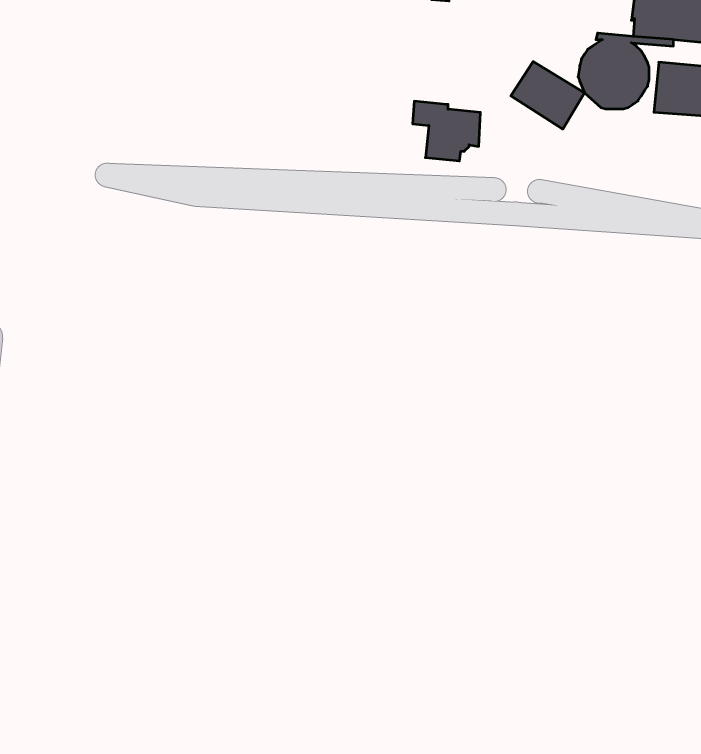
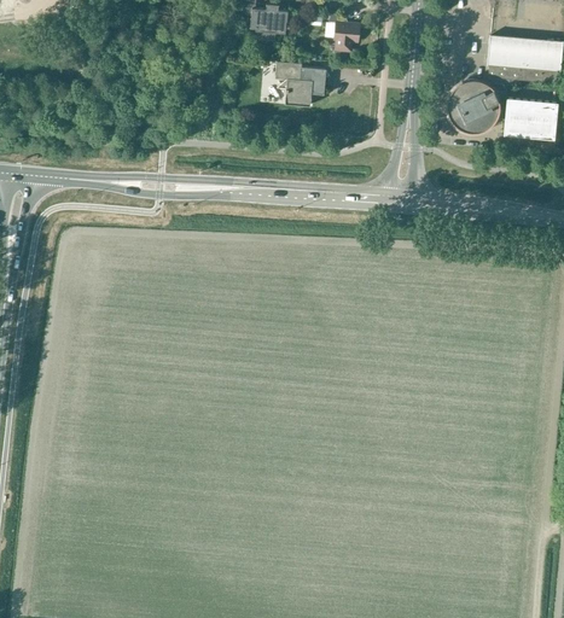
building: [511,62,585,129] -> none
building: [413,101,480,161] -> [275,60,326,105]

